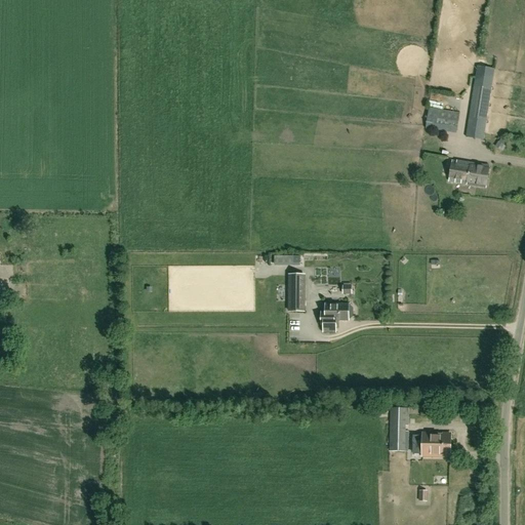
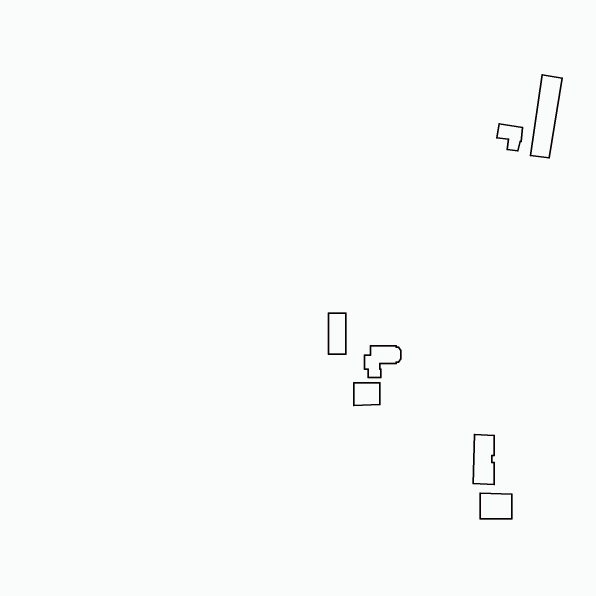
building: [448,160,488,187] -> none
building: none -> [354,383,380,405]
building: [389,407,407,451] -> [473,434,494,485]

